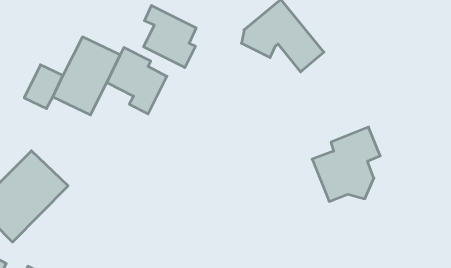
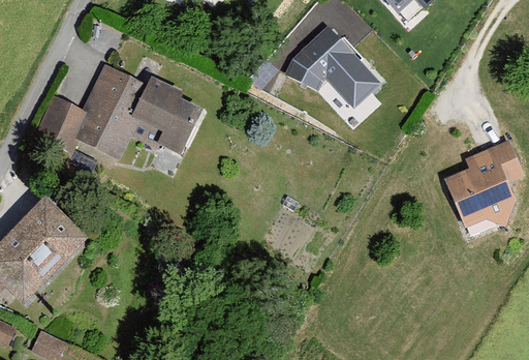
building: [144,5,196,68] -> none
building: [312,127,380,201] -> [444,143,523,229]

